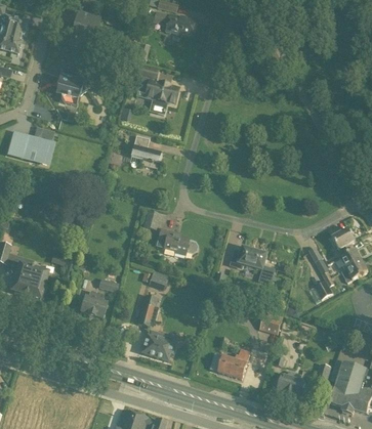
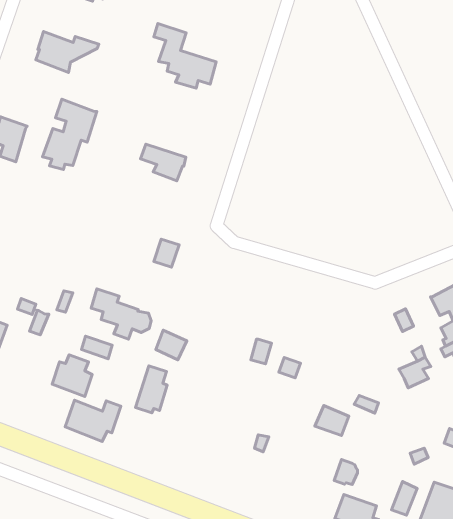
building: none -> [43,99,97,169]
building: [157,226,198,259] -> [91,289,151,339]
building: [231,247,275,284] -> none
building: [141,333,178,360] -> [65,400,121,441]
building: [218,348,250,379] -> none

